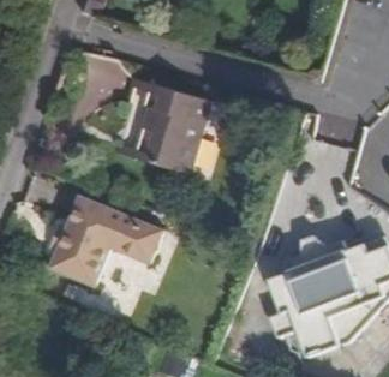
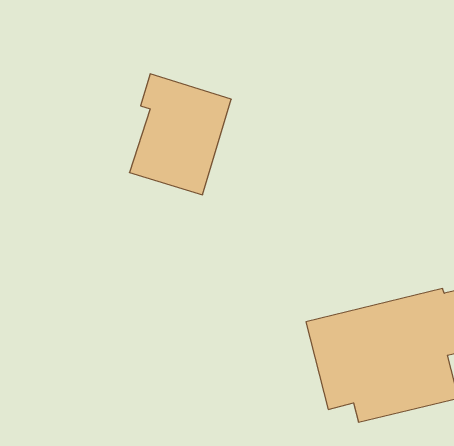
building: [48,192,162,282] -> none

